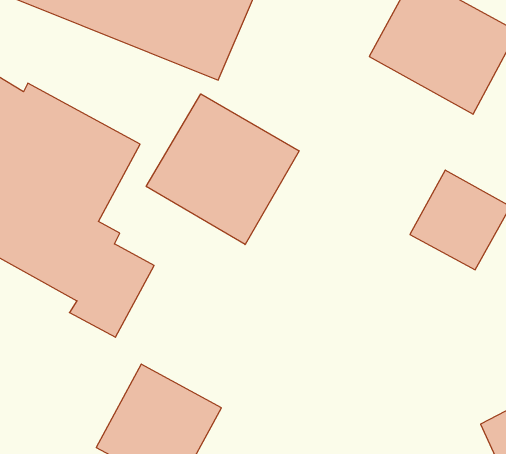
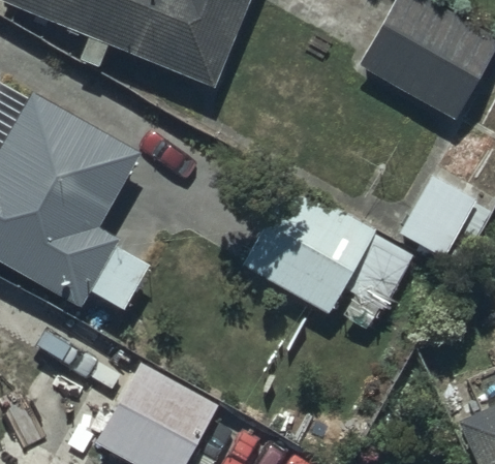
building: [146,94,299,245] -> none
building: none -> [240,182,414,331]

